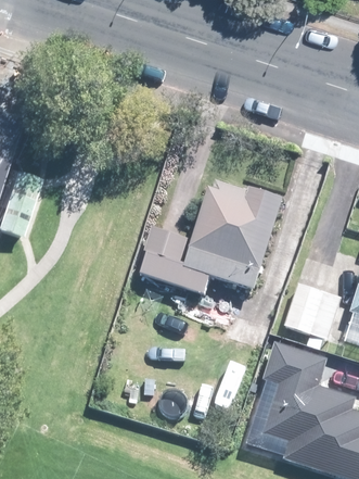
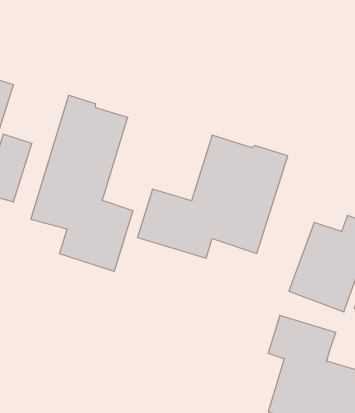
building: none -> [31,95,133,271]

